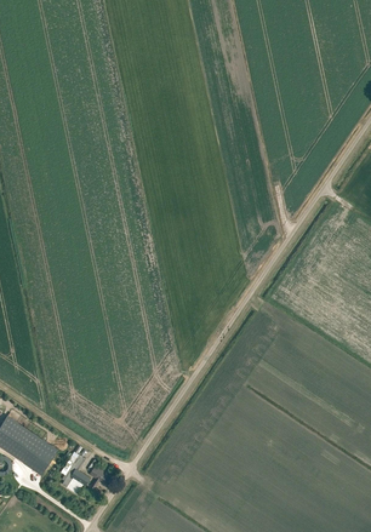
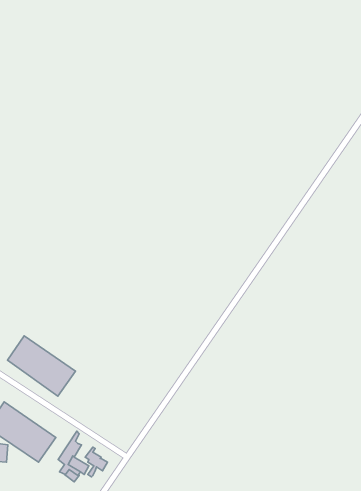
building: none -> [7,336,76,396]

